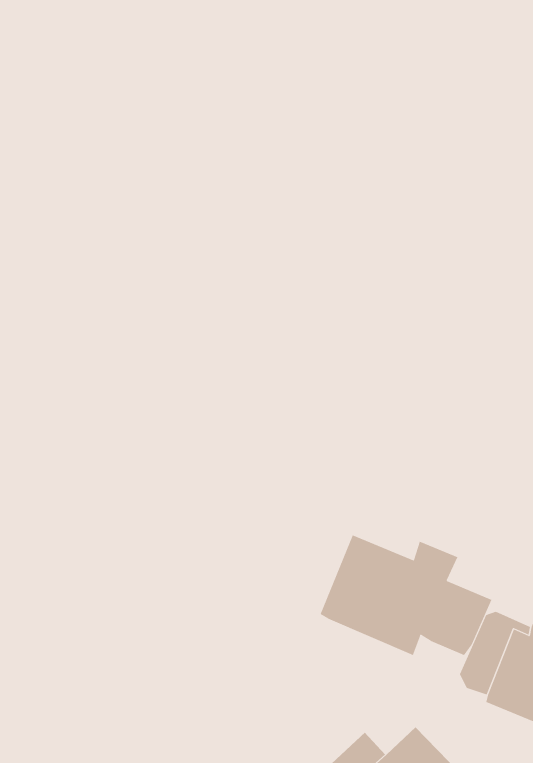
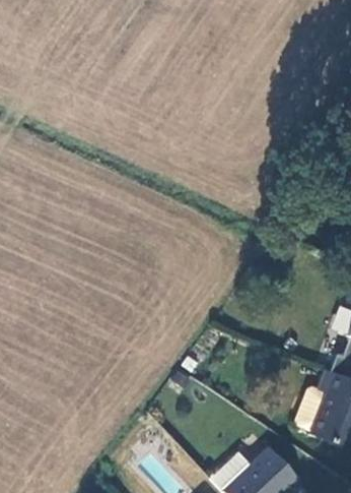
building: [320,534,492,656] -> none

